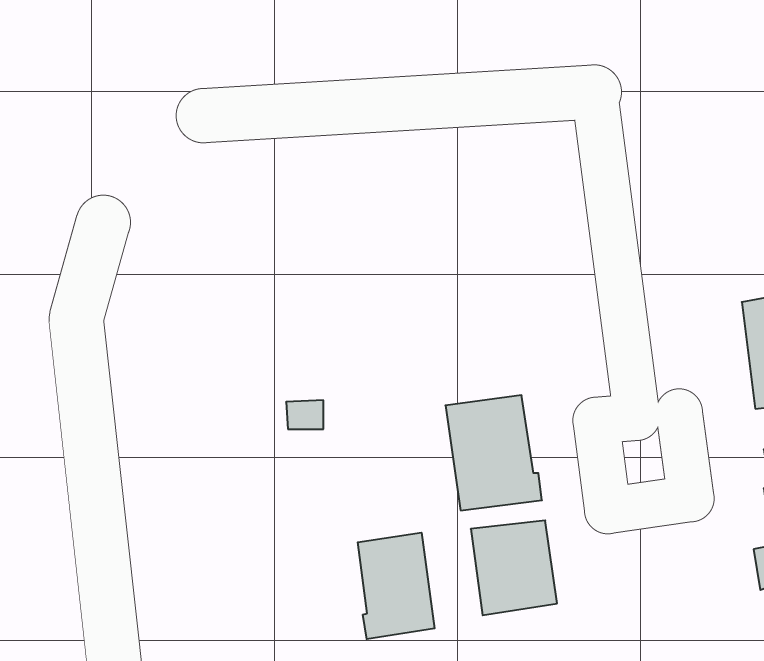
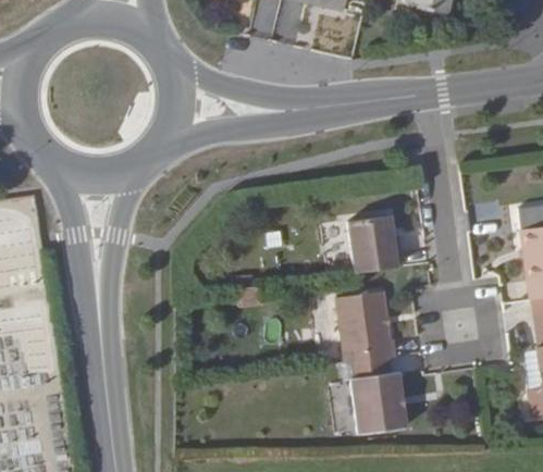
building: none -> [346,213,405,270]
building: [358,533,435,639] -> none

